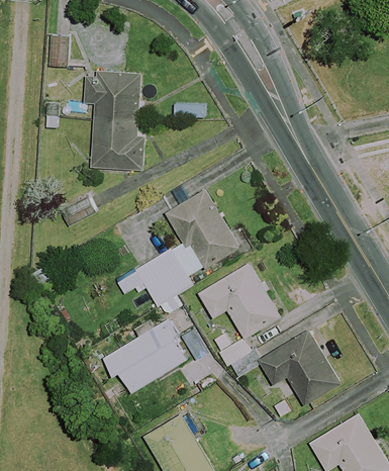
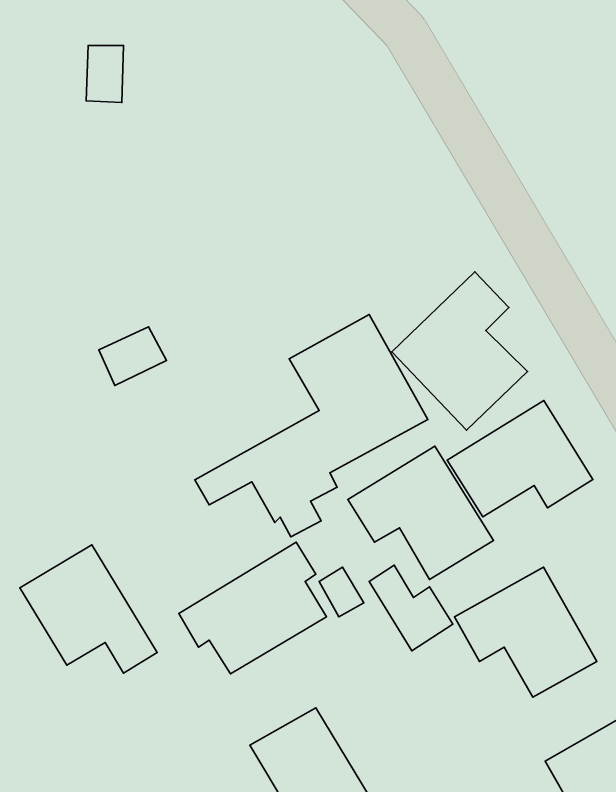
building: [87,70,147,170] -> none
building: none -> [392,272,527,430]
building: none -> [447,400,593,517]
building: none -> [20,545,157,673]

